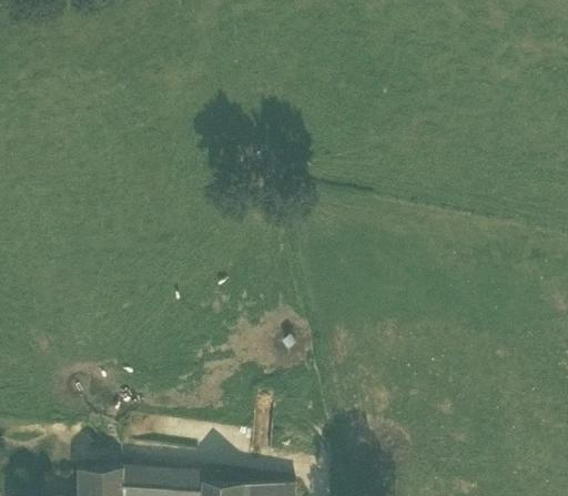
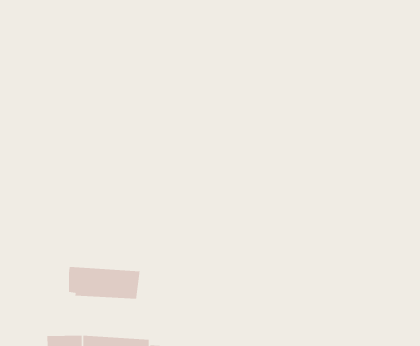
building: none -> [69,266,140,300]

